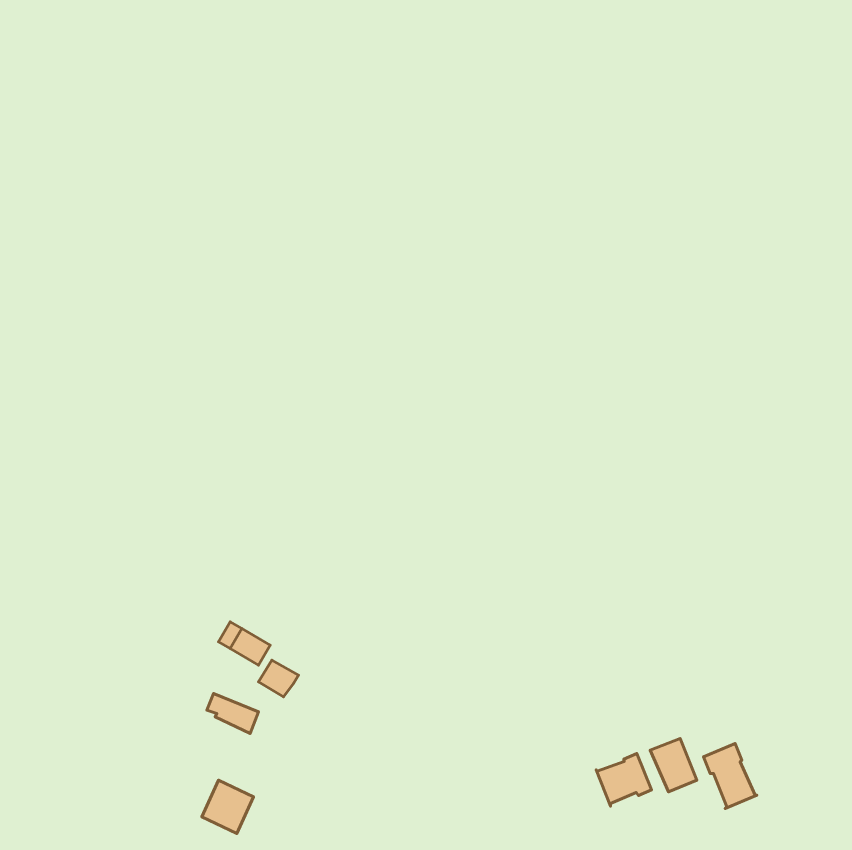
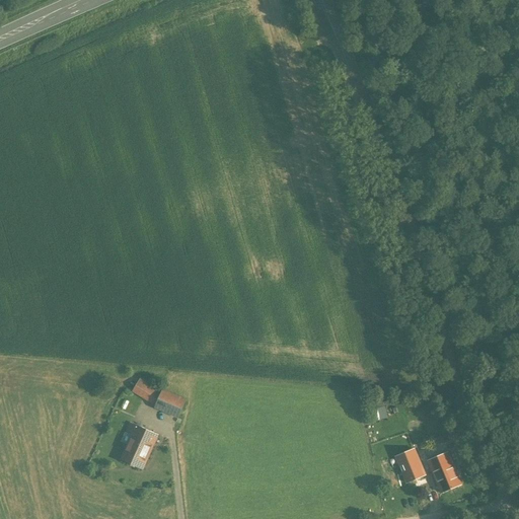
building: [596,753,651,806] -> none
building: [202,780,254,833] -> [121,436,152,468]

